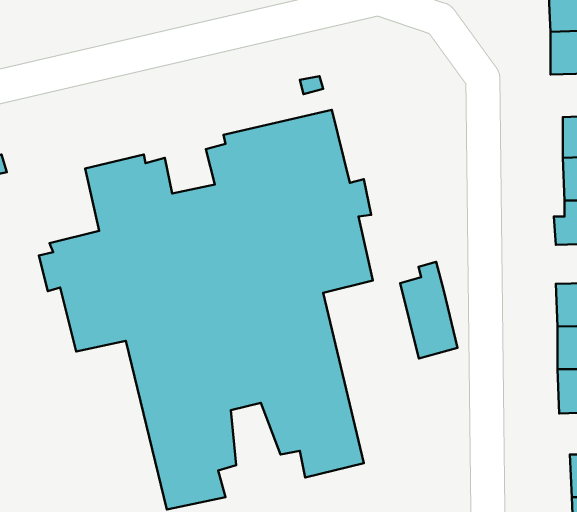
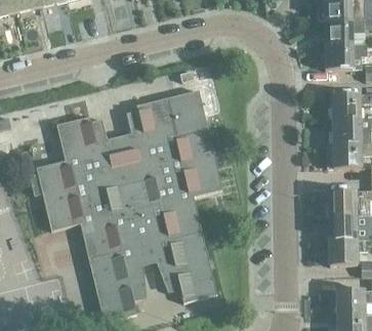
building: [400,262,457,359] -> none

